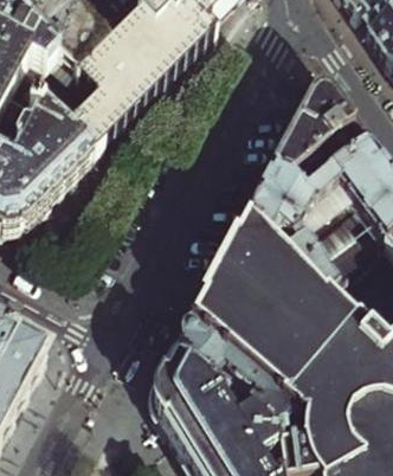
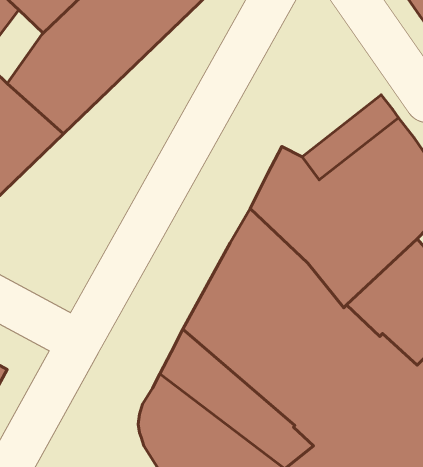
building: [271,92,353,175] -> none

